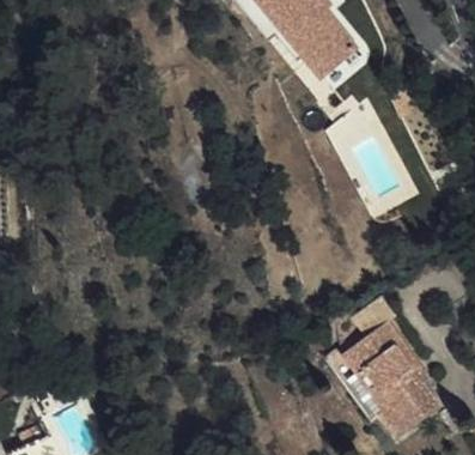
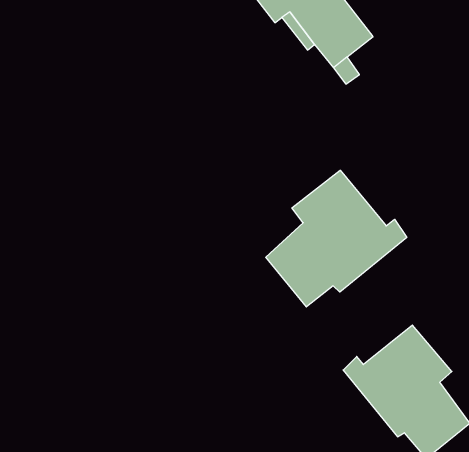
building: none -> [266,170,407,307]

